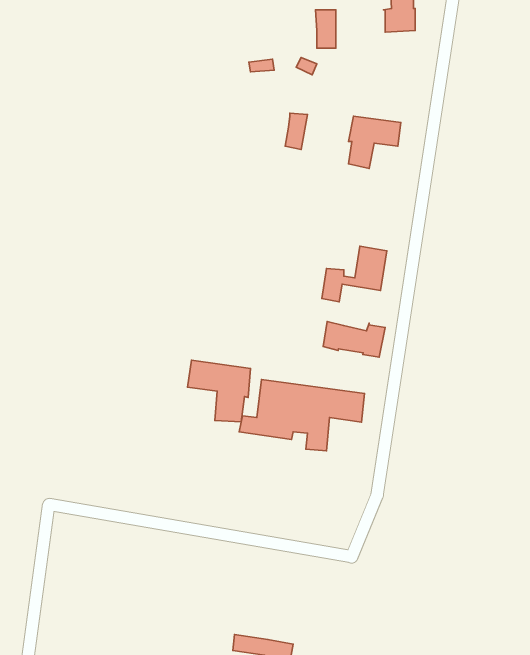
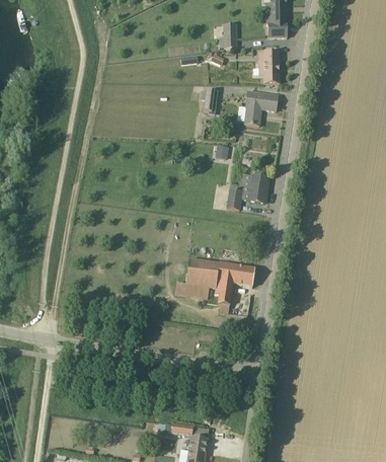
building: none -> [258,51,279,82]
building: [323,321,385,357] -> none
building: [188,360,251,422] -> none

